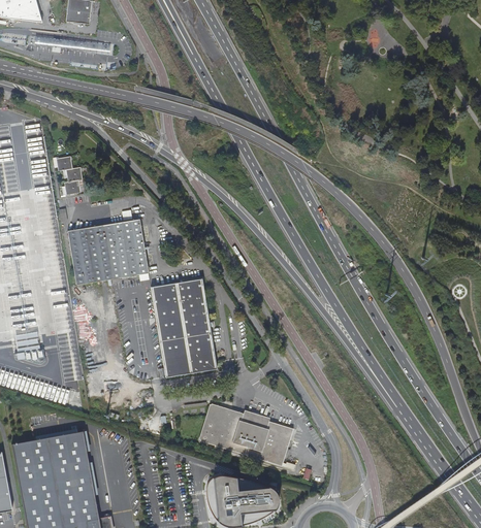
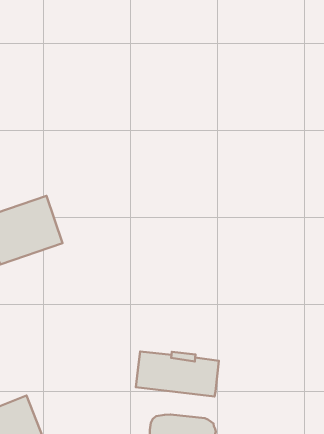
building: [152,278,218,376] -> none

